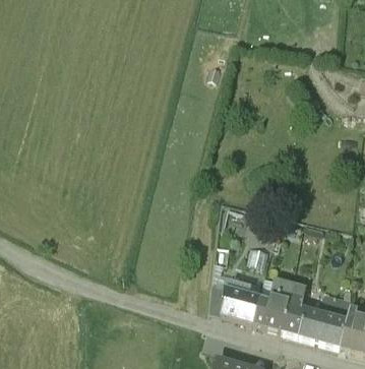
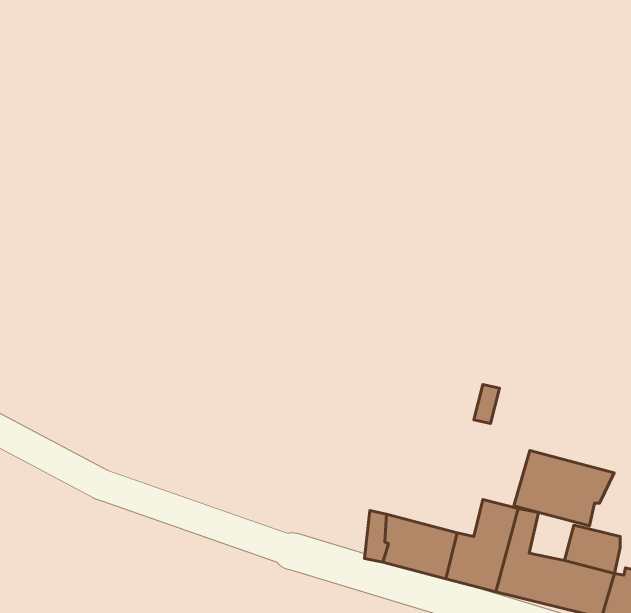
building: none -> [514,450,614,526]

